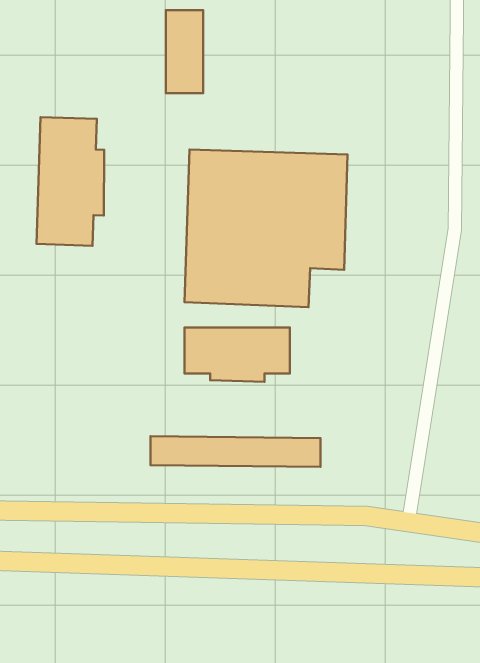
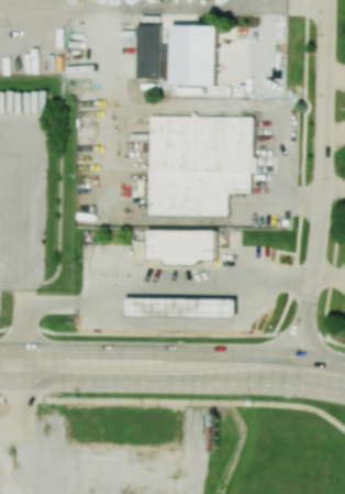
building: none -> [168,24,214,86]
building: [36,117,104,246] -> none

